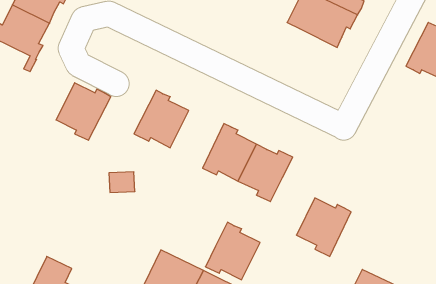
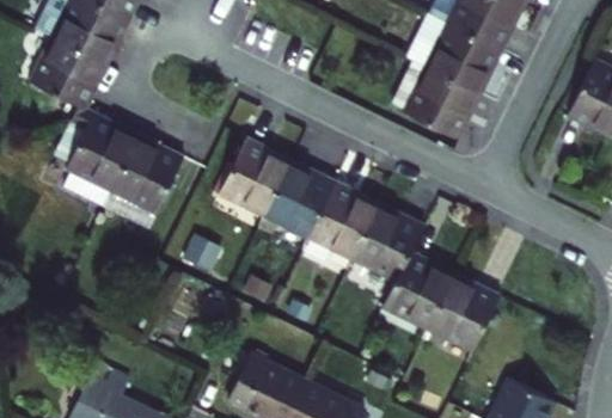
building: none -> [392,59,477,136]
building: none -> [68,106,139,184]
building: none -> [262,172,331,246]
building: [205,222,260,280] -> [378,258,448,332]

